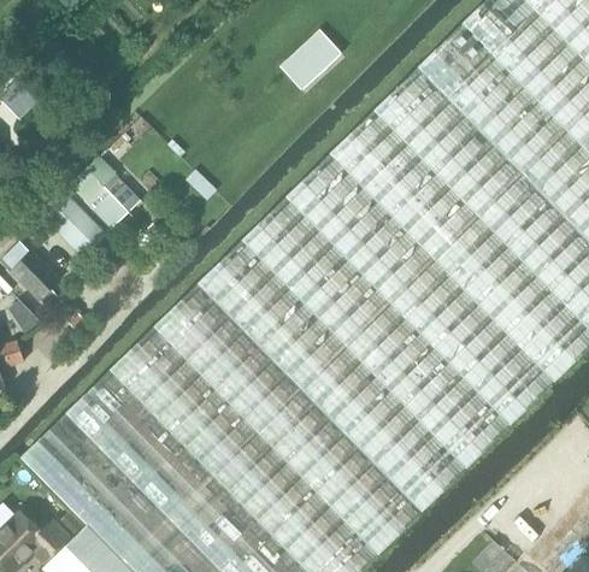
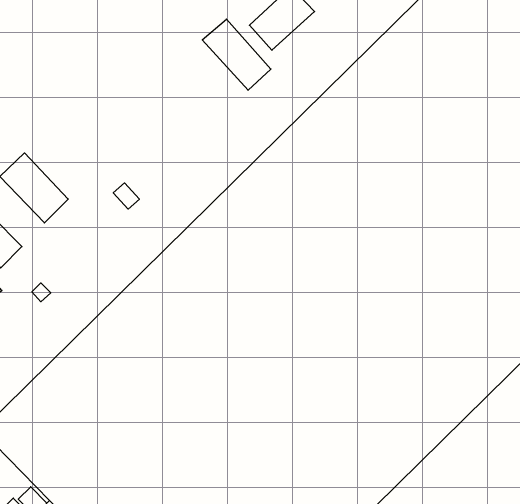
building: none -> [202,19,271,90]
building: [69,157,141,230] -> none

